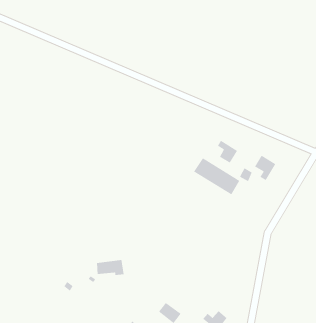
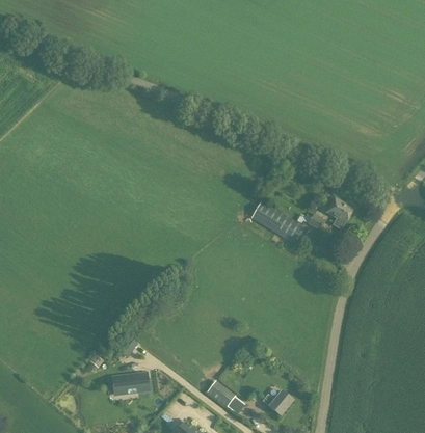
building: [217,140,238,164] -> none
building: [96,260,125,275] -> [113,372,149,391]

